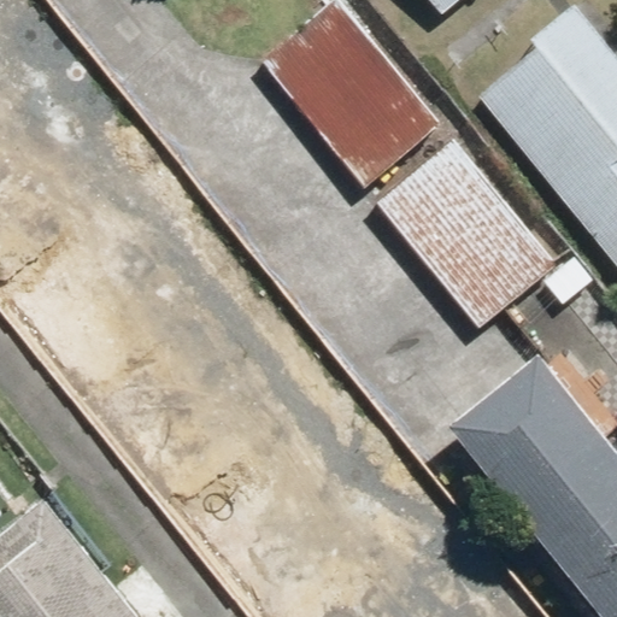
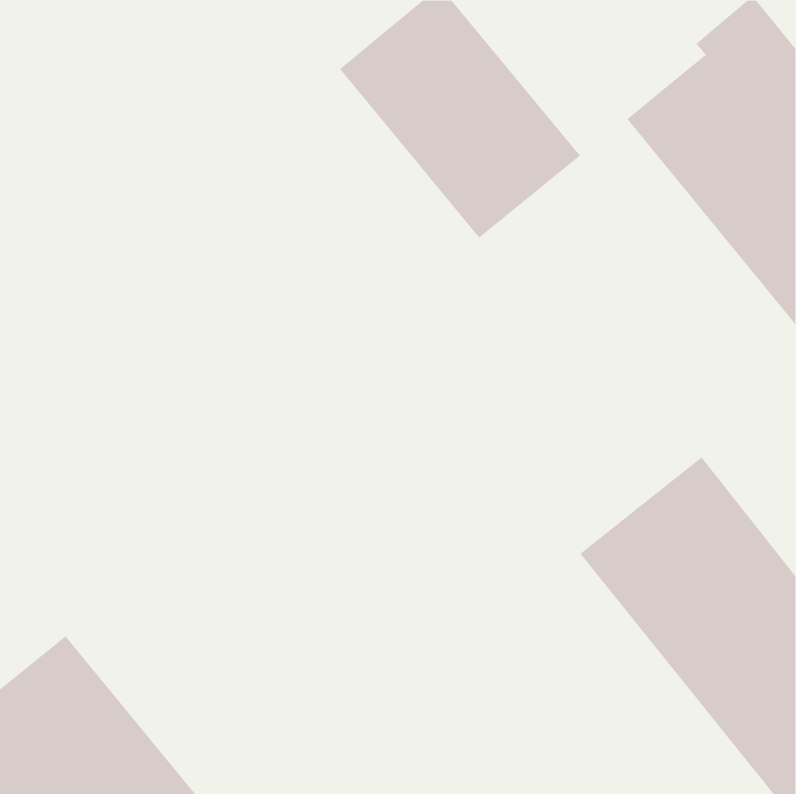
building: [381,141,562,331] -> none

